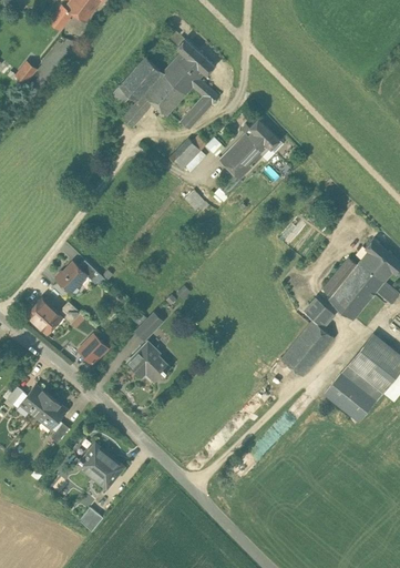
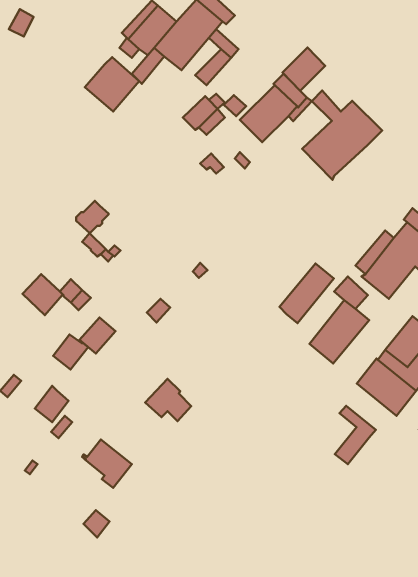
building: none -> [283,47,325,91]
building: none -> [85,57,139,111]
building: none -> [302,91,382,180]
building: [58,263,86,292] -> [76,201,109,233]
building: none -> [280,264,334,323]
building: [129,341,170,378] -> [145,379,191,421]
building: [21,385,52,416] -> [53,335,88,369]
building: none -> [335,406,376,464]

